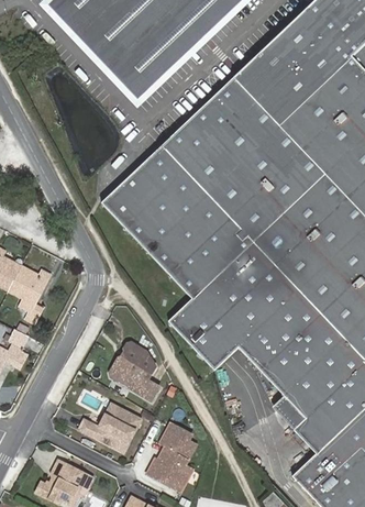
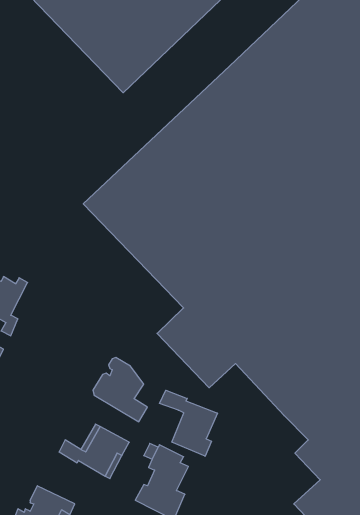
building: none -> [159,390,217,456]
building: [272,395,306,429] -> none

